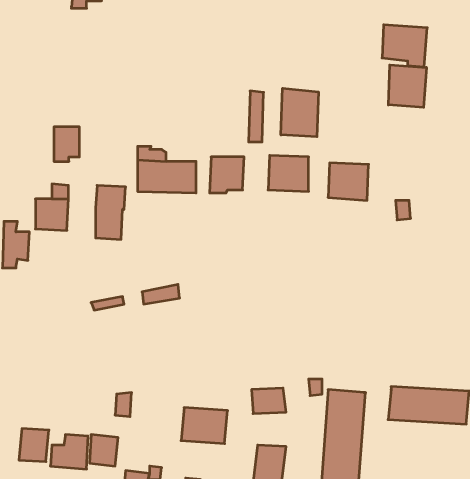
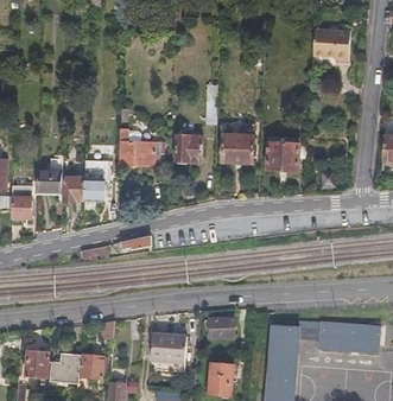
building: [388,65,426,107] -> none
building: [281,88,318,137] -> none
building: [54,127,79,161] -> [64,176,84,203]

